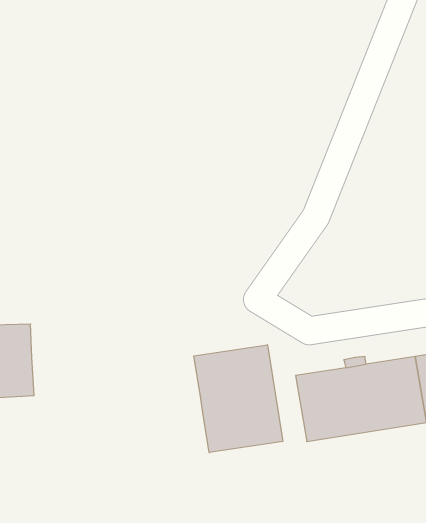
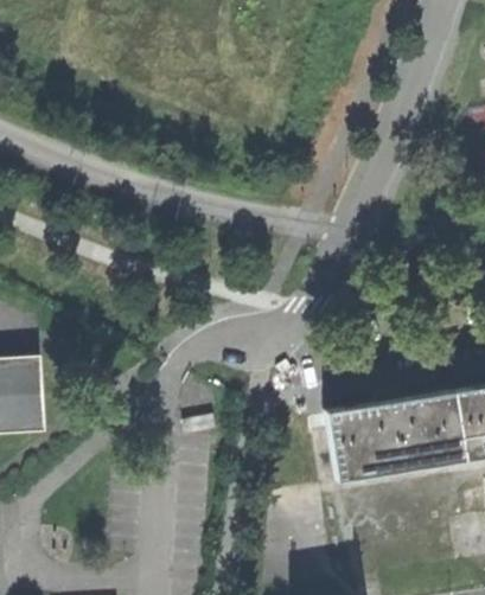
building: [194,345,283,453] -> none

